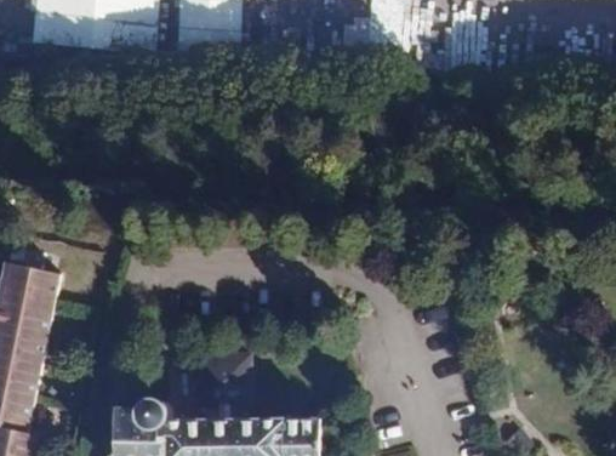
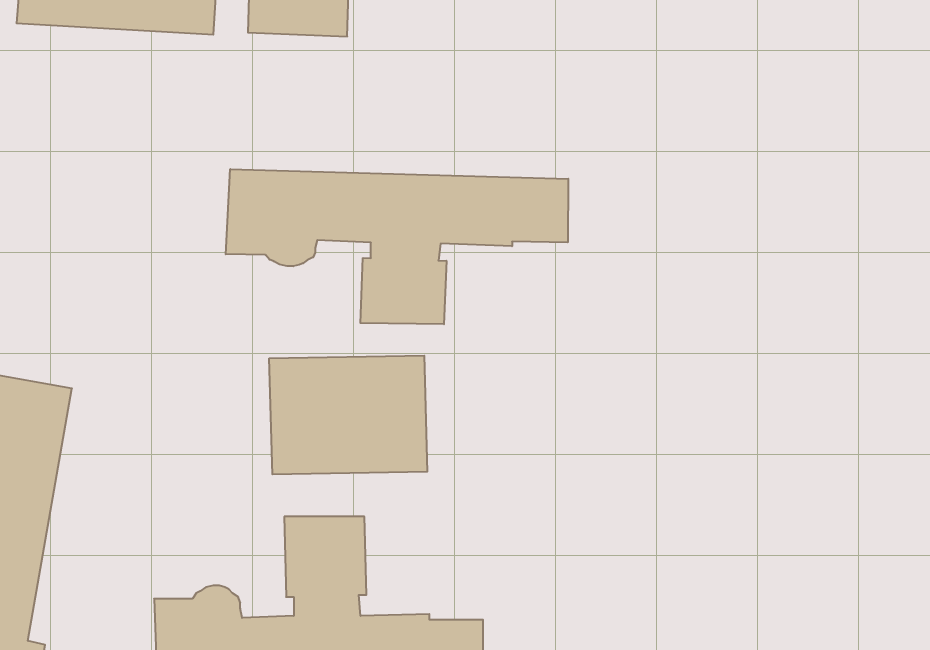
building: none -> [226,169,568,324]
building: none -> [269,356,427,474]

